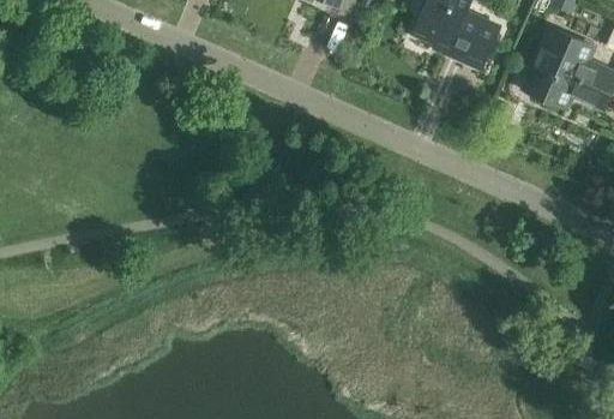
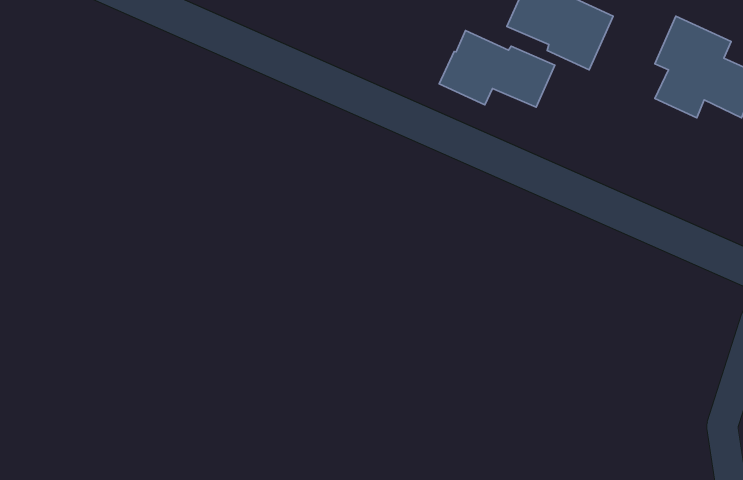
building: none -> [439,31,555,107]

